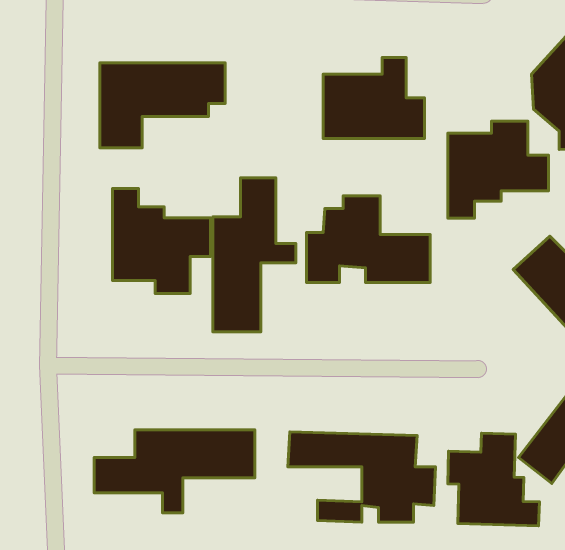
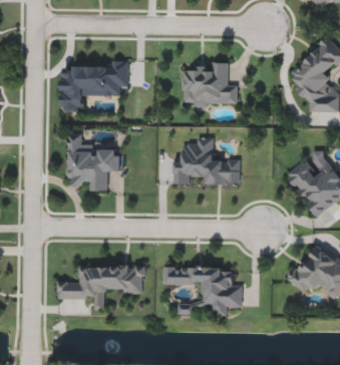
building: [448,121,549,218] -> none
building: [213,178,296,332] -> none
building: [448,433,539,526] -> none

